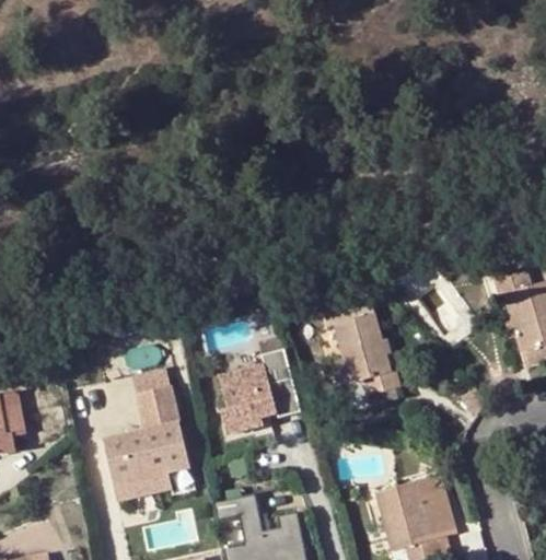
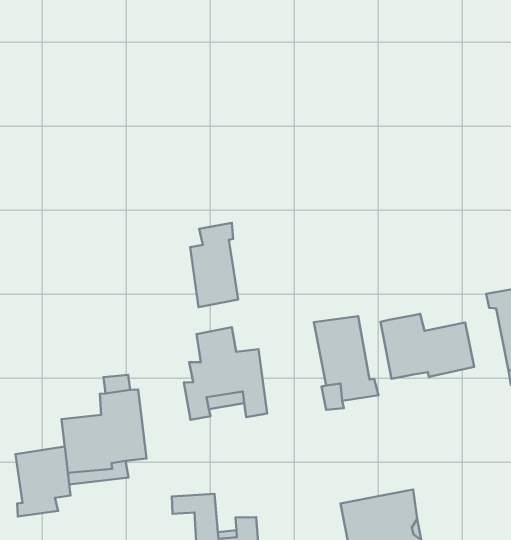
building: none -> [190,223,238,307]
building: none -> [380,314,474,379]
building: none -> [15,446,70,517]

